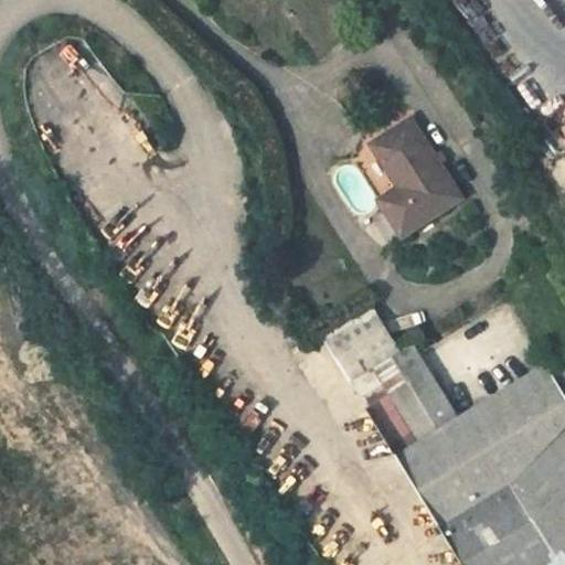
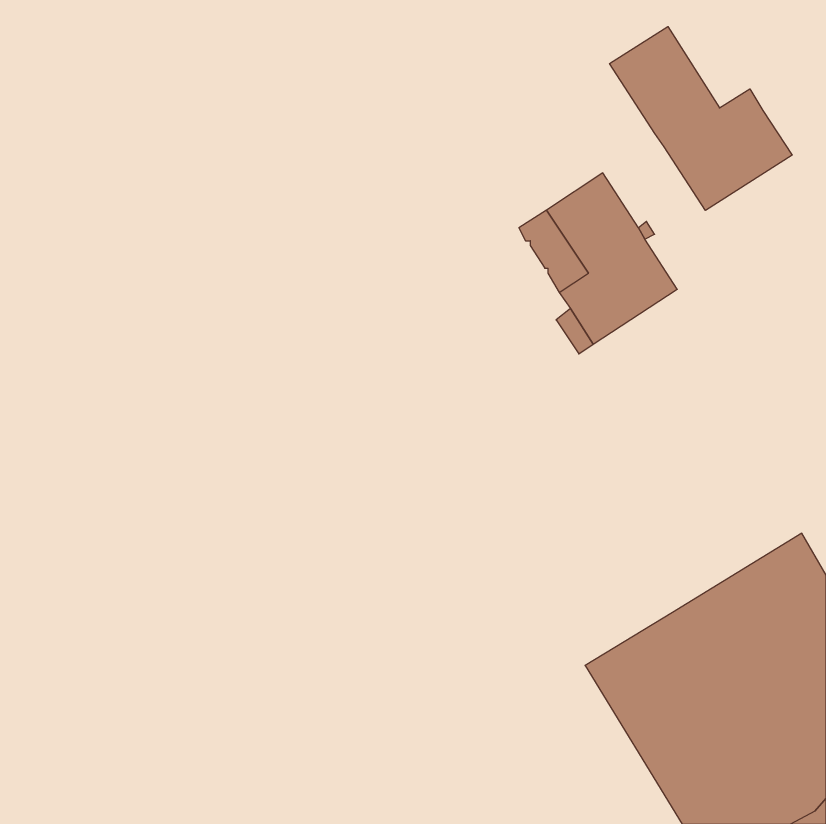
building: none -> [610,27,792,210]
building: [328,312,459,455] -> none

